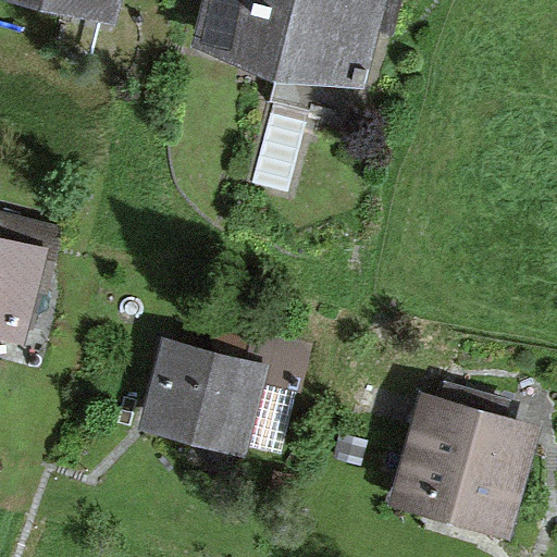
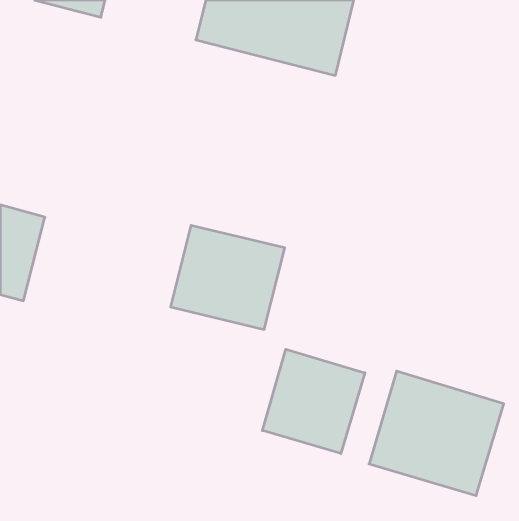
building: [138,345,260,456] -> [171,225,285,329]
building: none -> [262,349,365,454]

